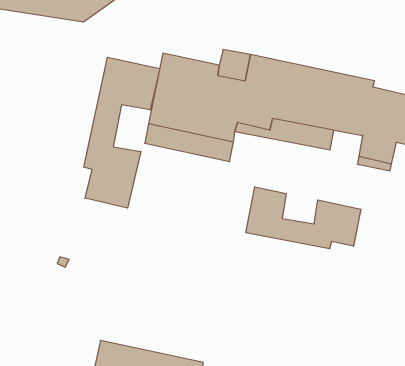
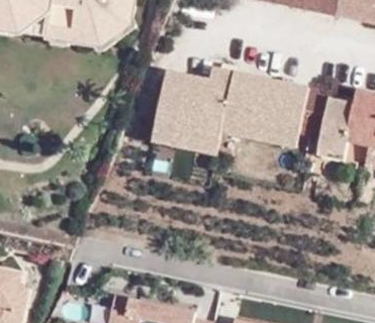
building: [84,57,160,208] -> none
building: [246,187,361,249] -> none

